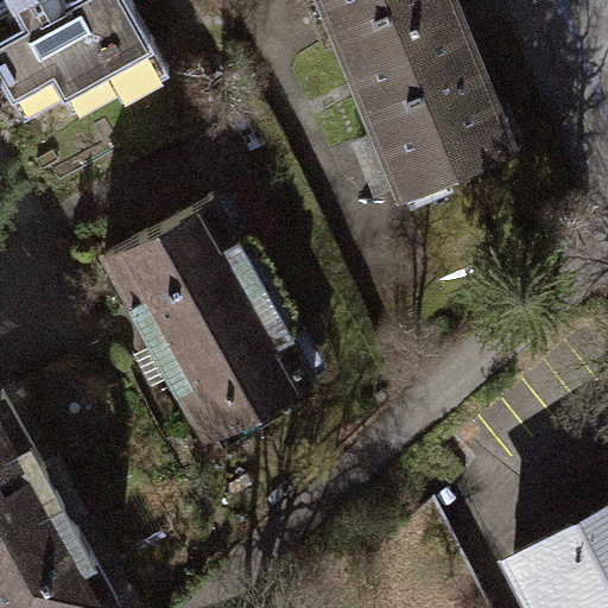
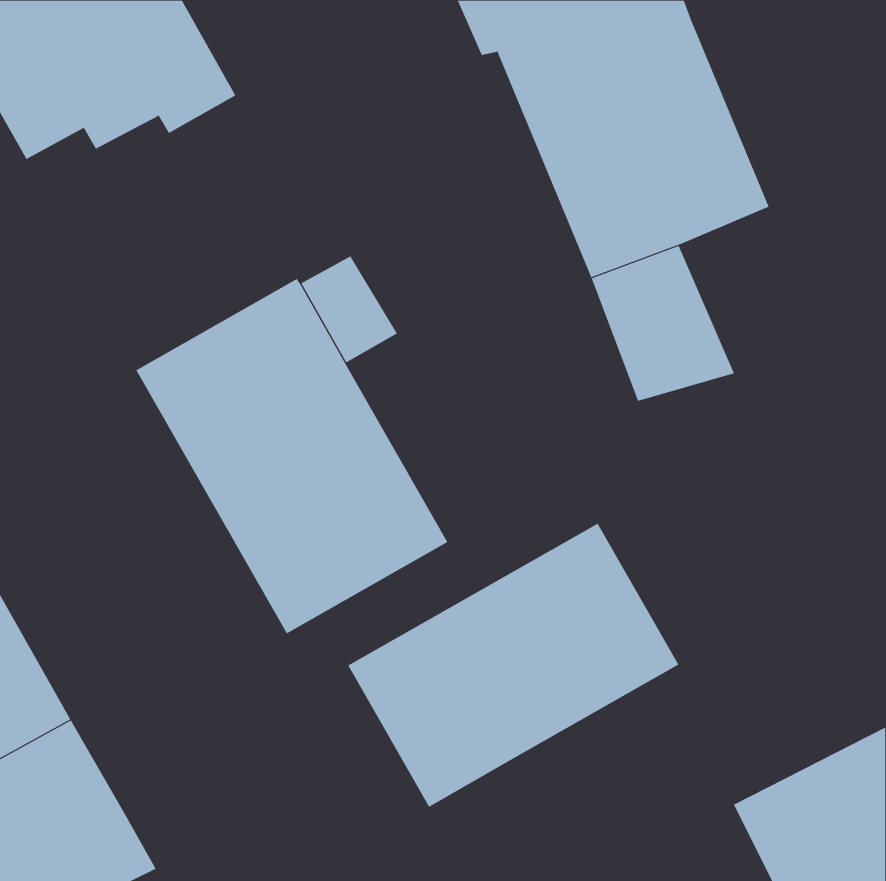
building: none -> [348,523,679,807]

